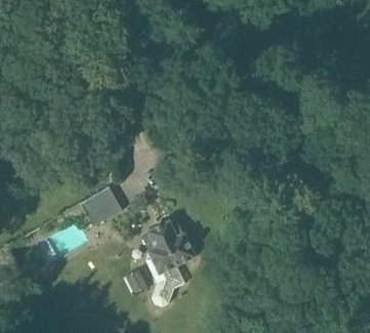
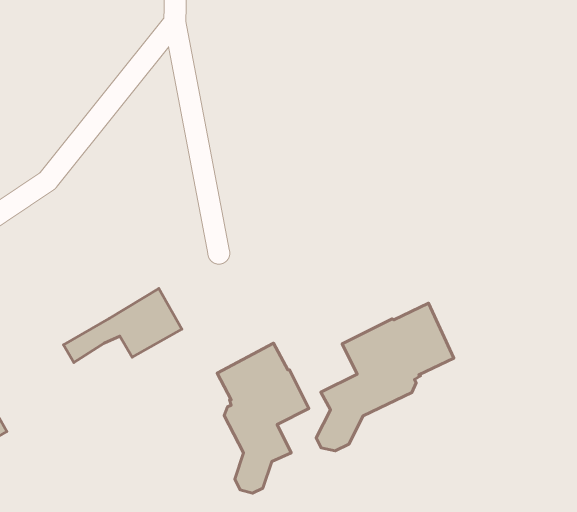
building: none -> [316,303,454,451]

